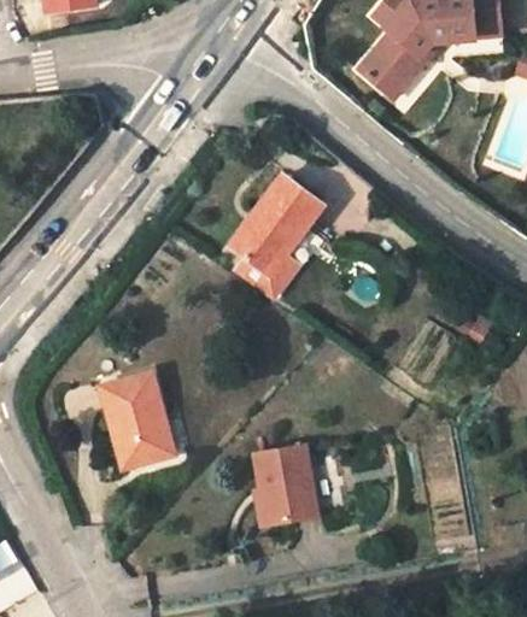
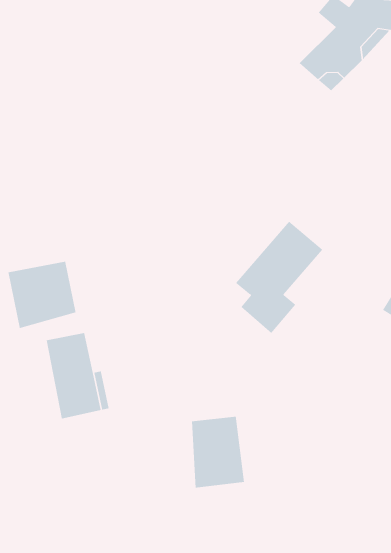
building: [230,175,322,296] -> [235,221,323,334]
building: none -> [8,261,76,329]

